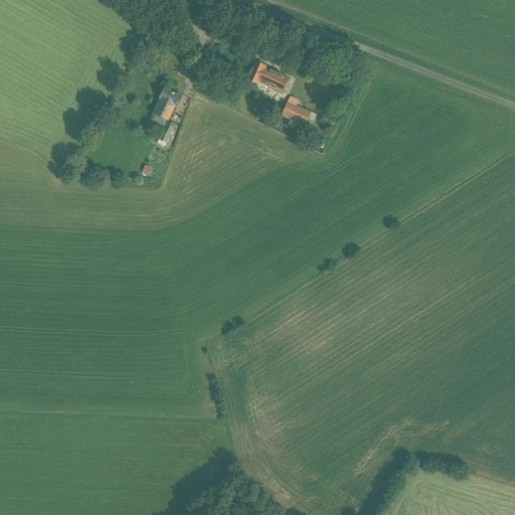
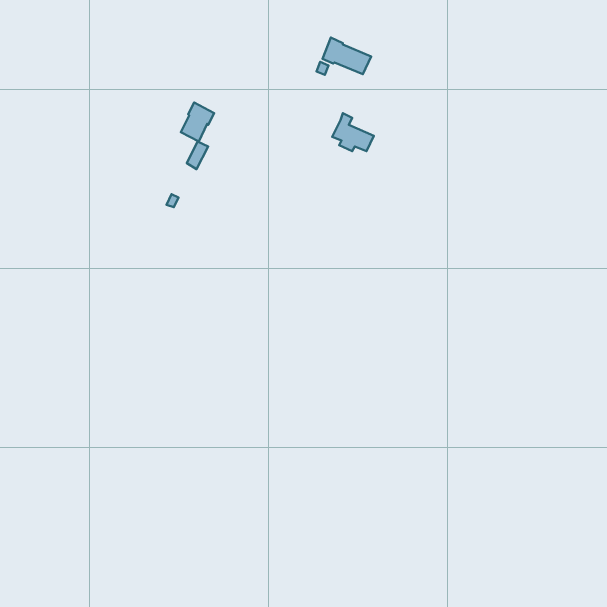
building: [247,60,289,92] -> [323,37,371,74]

